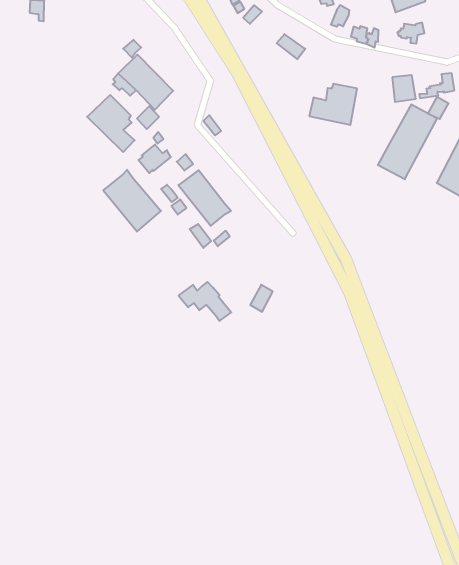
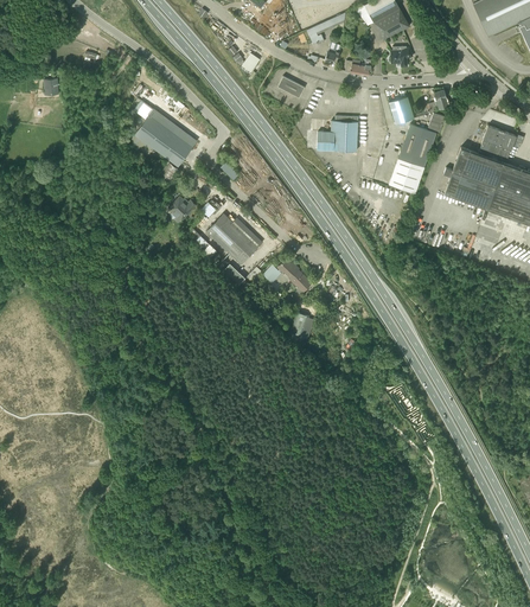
building: [87,95,135,152] -> none
building: [103,170,161,232] -> none
building: [179,282,231,321] -> [262,257,313,292]

